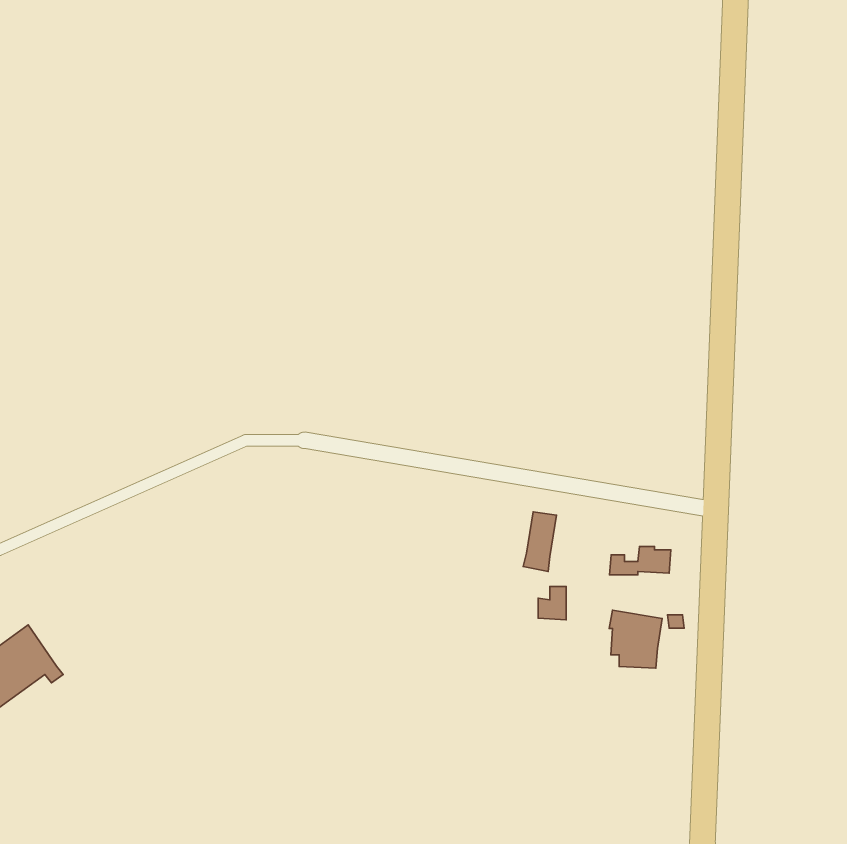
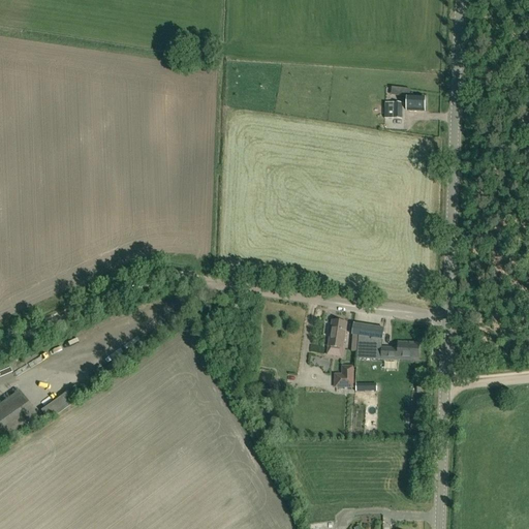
building: none -> [383,95,424,117]
building: [609,610,662,668] -> [350,321,383,357]

